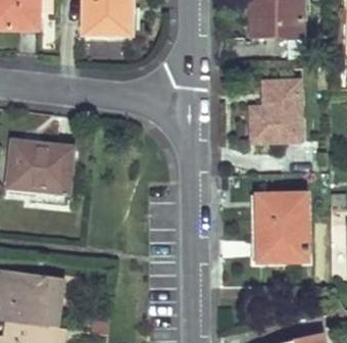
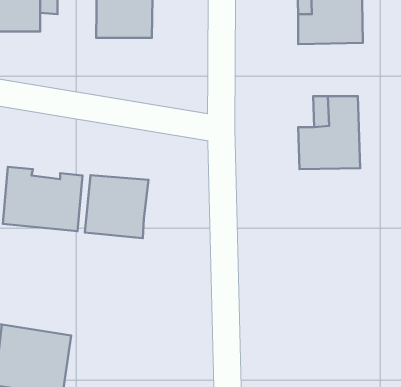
building: none -> [85,175,149,238]
building: [256,192,307,260] -> none

